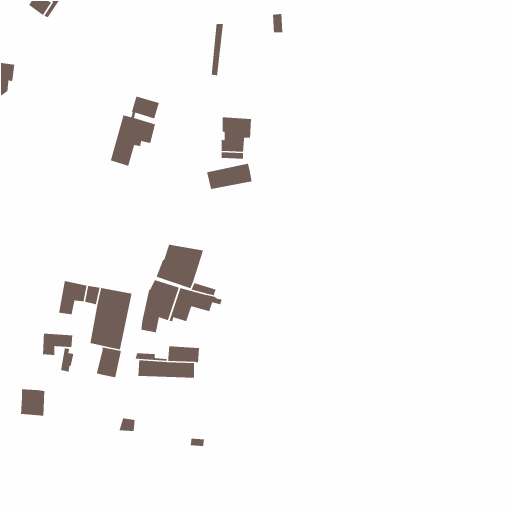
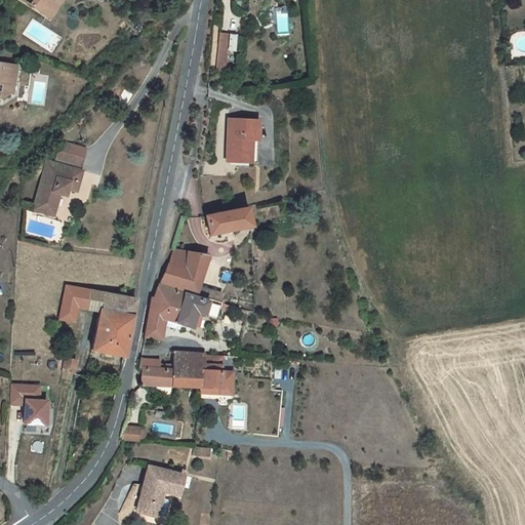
building: [110,96,160,167] -> [35,143,86,215]
building: [206,163,253,190] -> [204,207,251,235]
building: [42,333,73,356] -> [9,382,41,406]
building: [96,346,122,378] -> none
building: none -> [200,355,234,395]
building: none -> [137,467,184,516]

